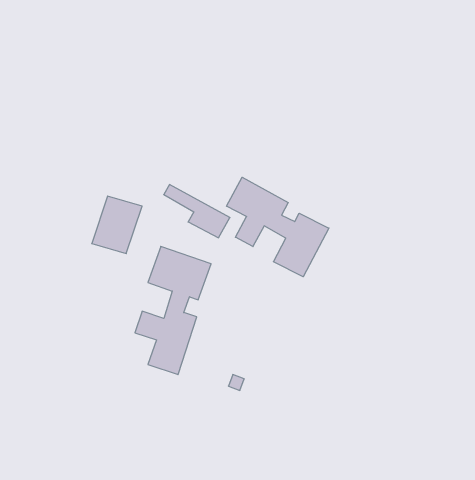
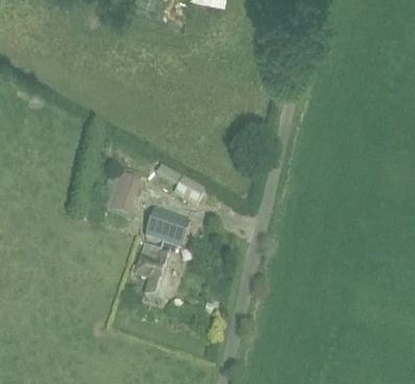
building: [227,177,329,277] -> none

